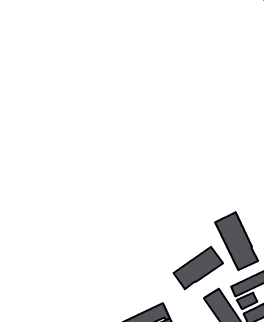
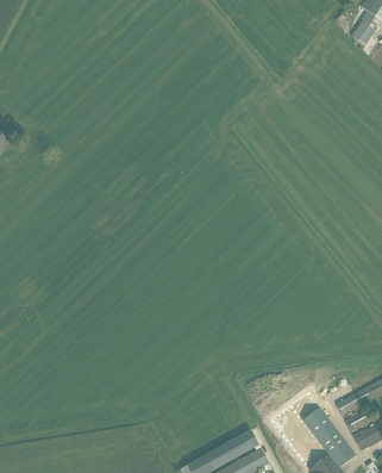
building: [215,212,258,270] -> none
building: [174,247,223,289] -> none

